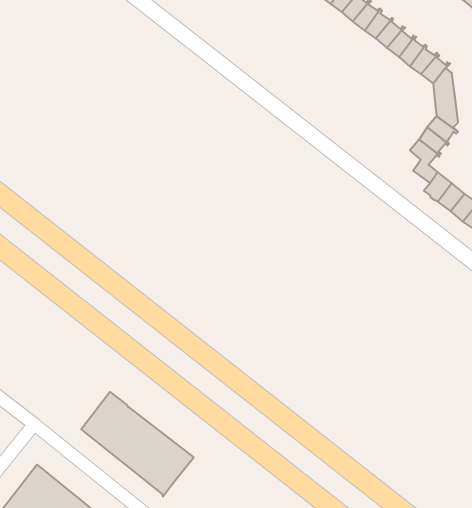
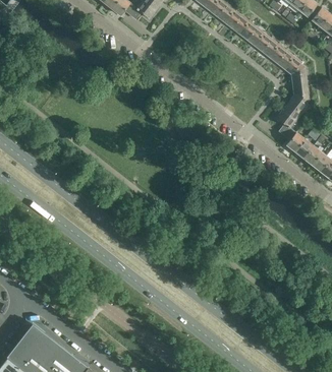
building: [81,392,194,497] -> none

